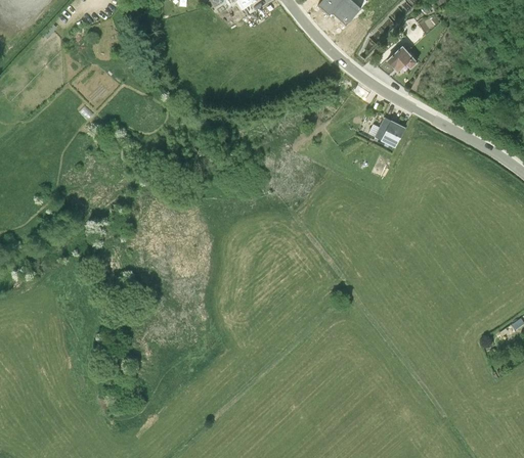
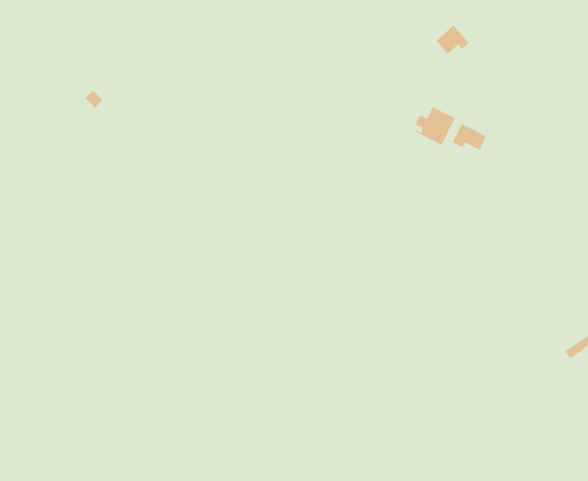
building: none -> [452,123,487,151]

